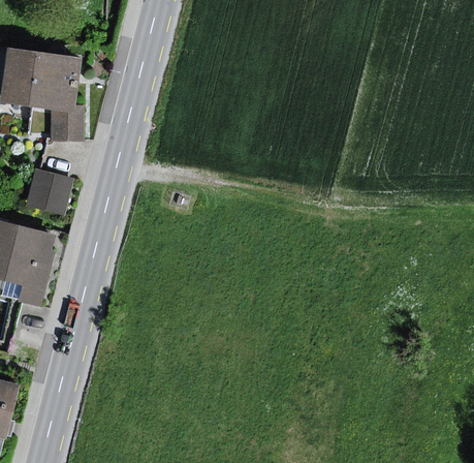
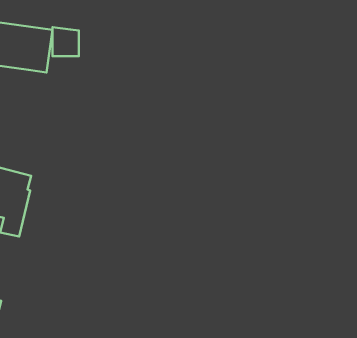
building: [52,105,84,141] -> [52,27,79,56]
building: [25,168,72,216] -> none

